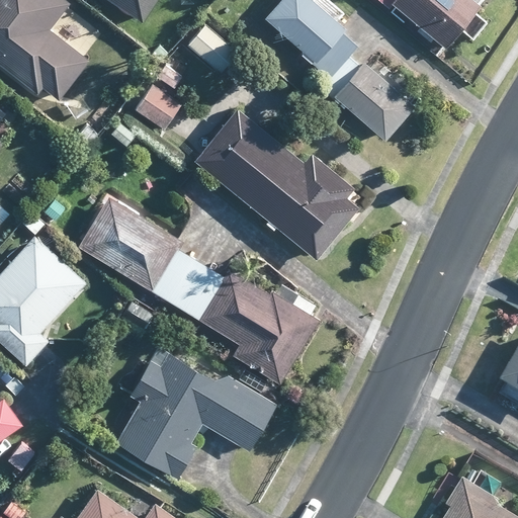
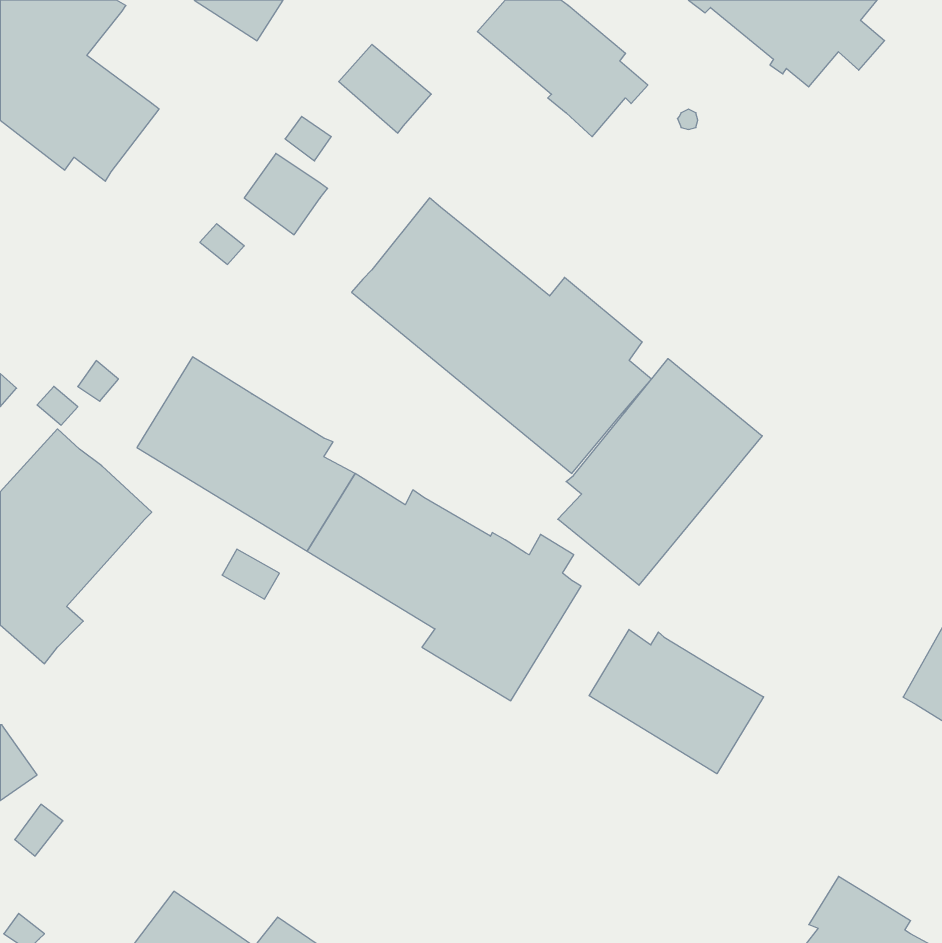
building: [318,55,413,142] -> none
building: none -> [558,359,762,585]
building: none -> [589,629,764,774]
building: [116,353,276,478] -> none

